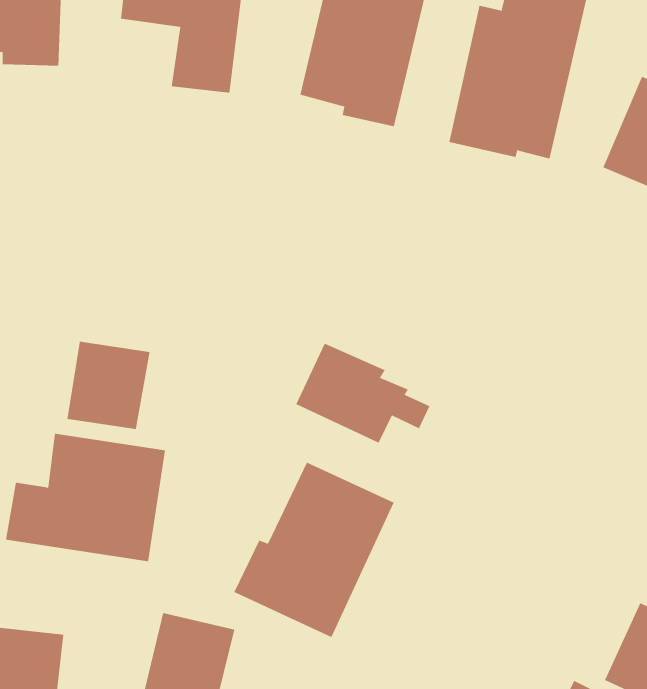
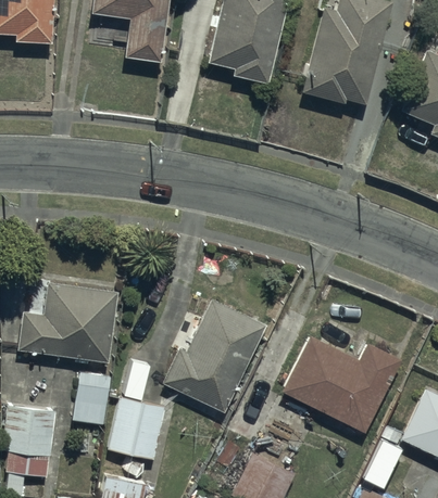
building: [67,341,150,430] -> none
building: [295,343,430,443] -> none
building: none -> [283,337,402,434]
building: none -> [72,373,111,425]

